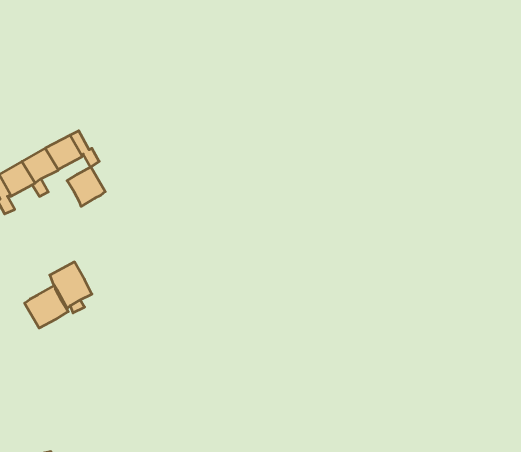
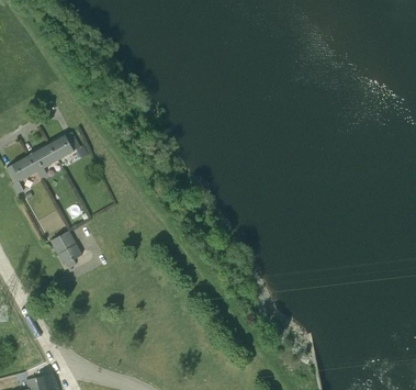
building: [67,167,105,206] -> none
building: [25,285,68,328] -> none

